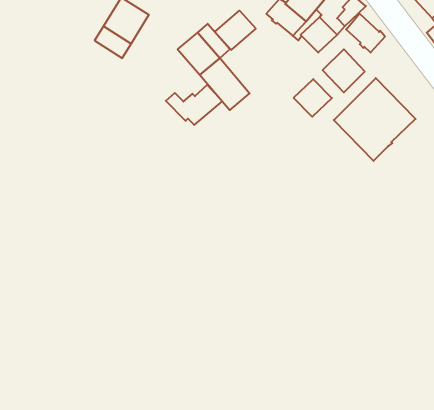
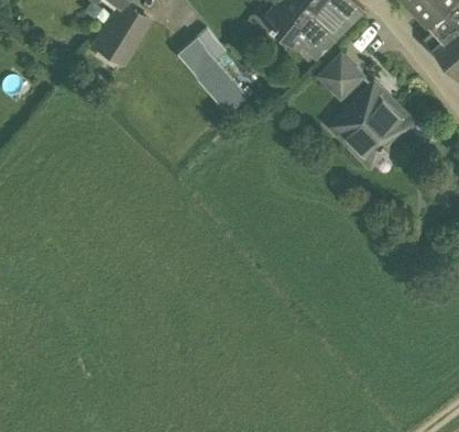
building: [215,11,256,50] -> none
building: [346,14,385,53] -> none
building: [294,79,332,117] -> none
building: [166,85,222,125] -> none

